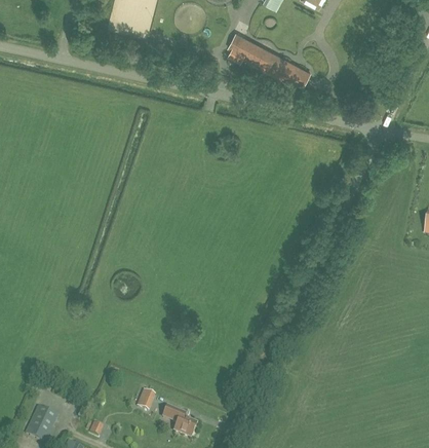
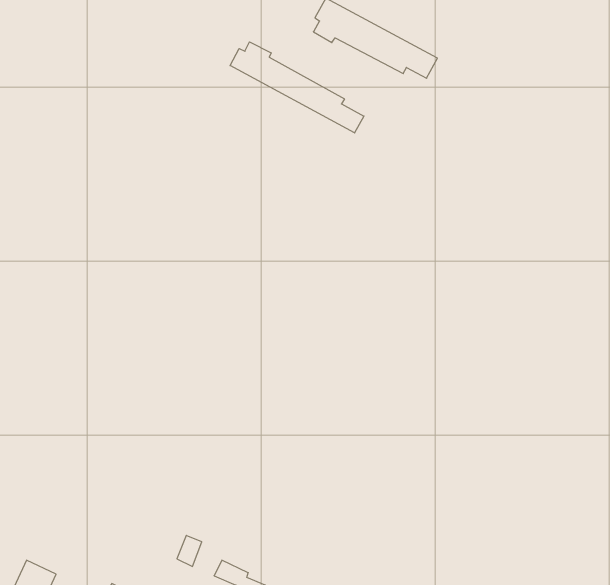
building: none -> [230,42,364,133]

